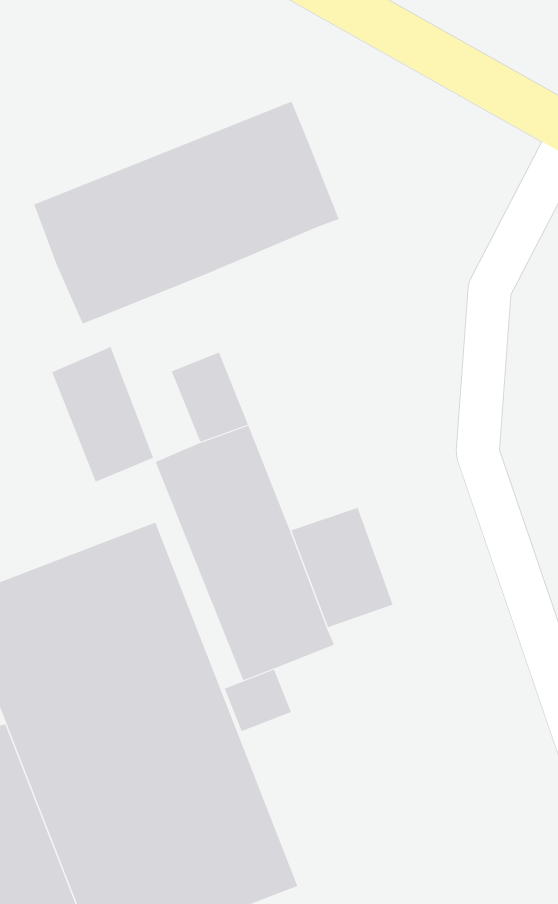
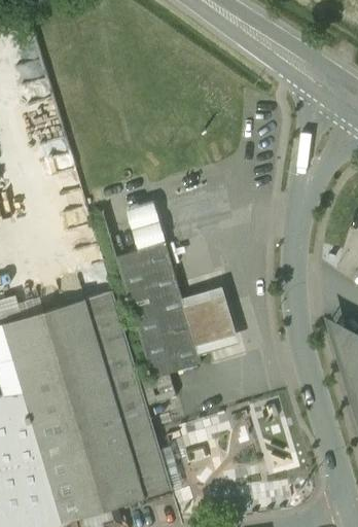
building: [33,101,339,325] -> none
building: [51,346,154,482] -> none

